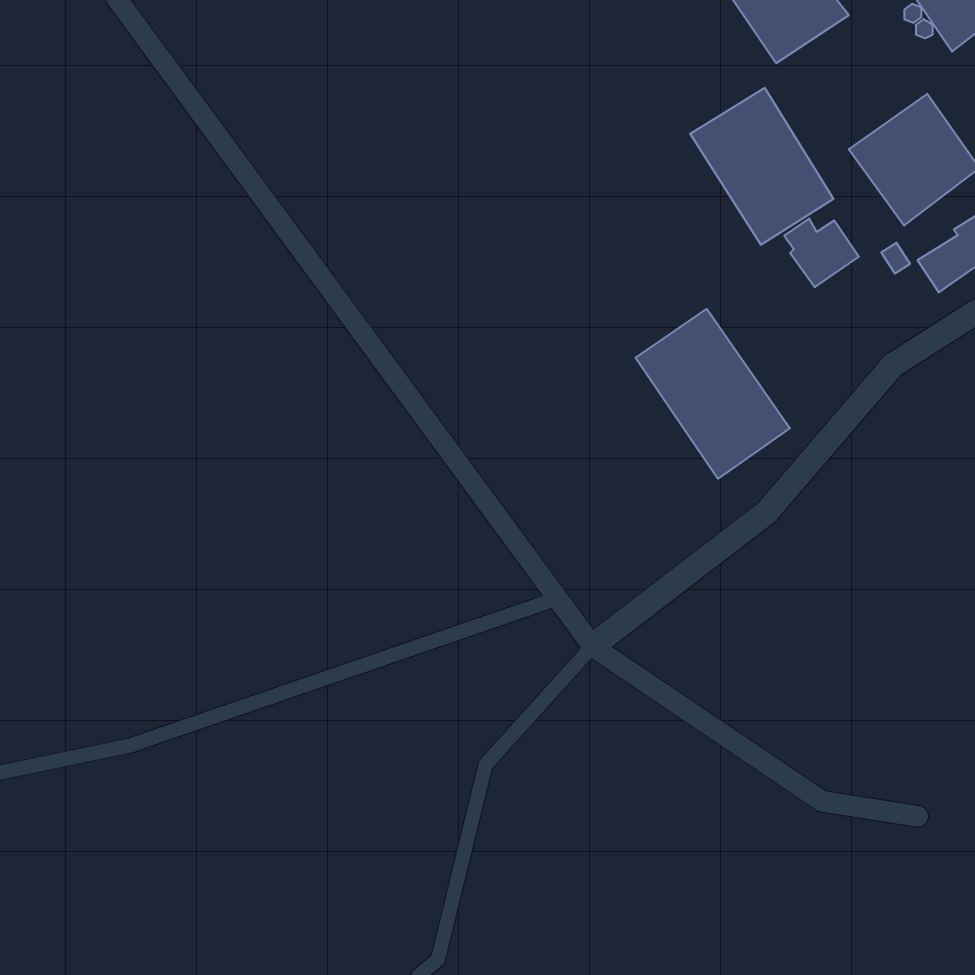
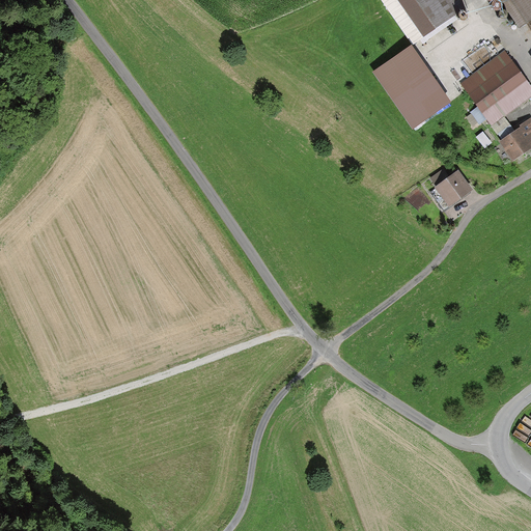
building: [784,218,859,287] -> [429,168,470,205]
building: [636,309,790,479] -> none

